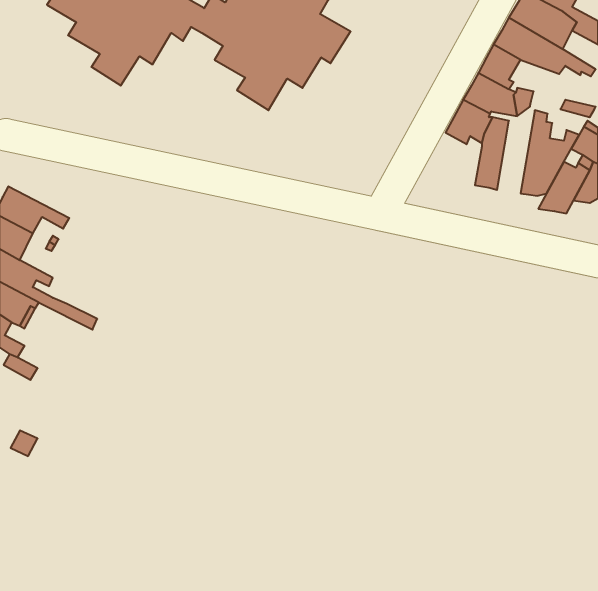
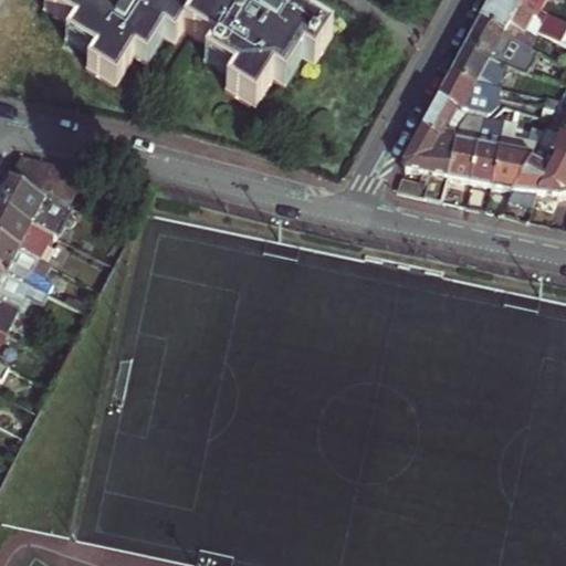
building: none -> [469,104,504,182]
building: none -> [401,125,454,199]
building: none -> [8,153,85,206]

